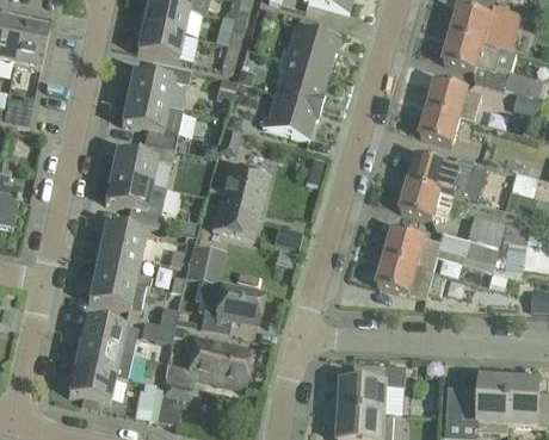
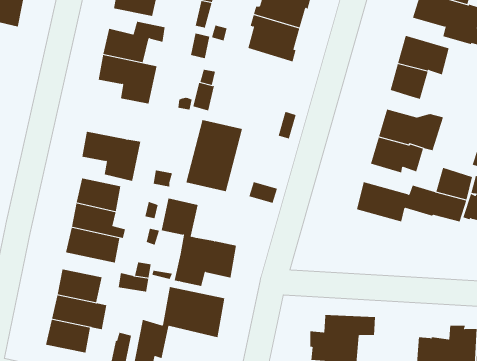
building: [261,92,321,140] -> none
building: [110,143,174,185] -> none
building: [377,256,446,298] -> none

